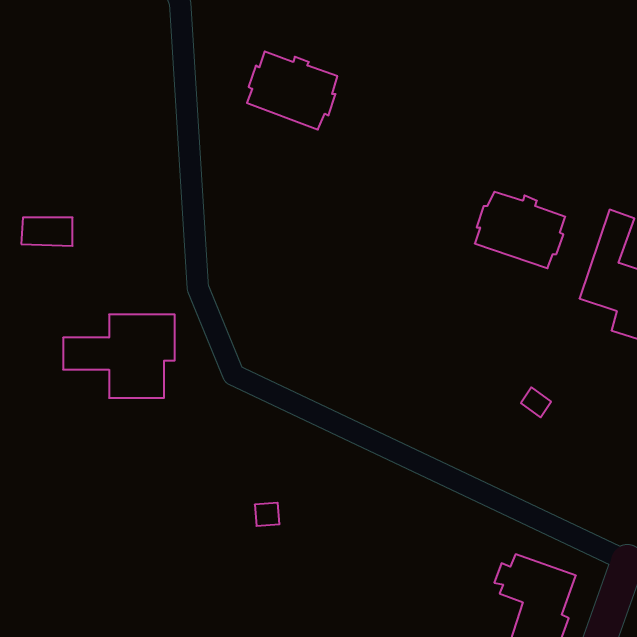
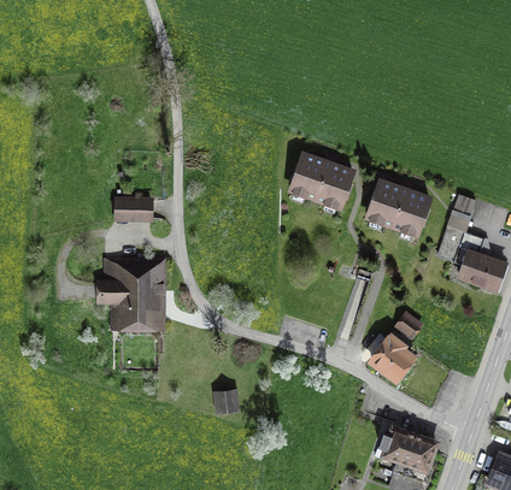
building: [247,51,337,130] -> [290,154,352,207]
building: [21,217,73,246] -> [114,200,149,219]
building: none -> [371,335,411,378]

